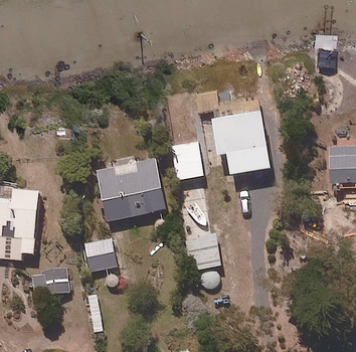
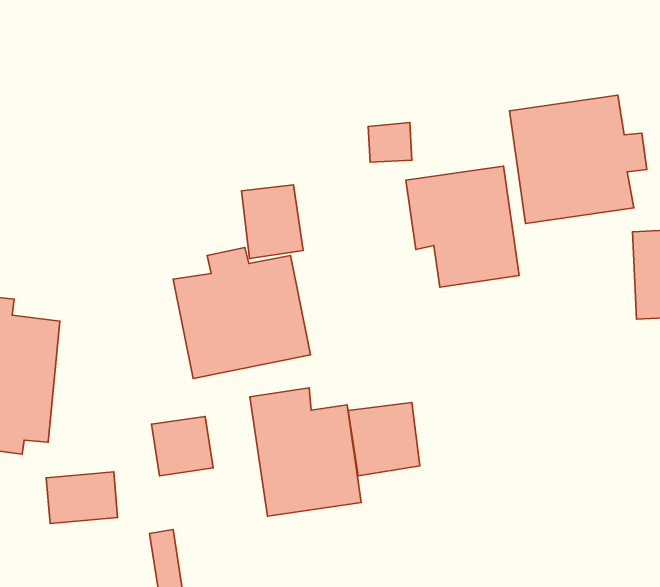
building: none -> [510,95,647,223]
building: [171,143,202,180] -> [242,185,303,258]
building: none -> [250,388,361,516]

